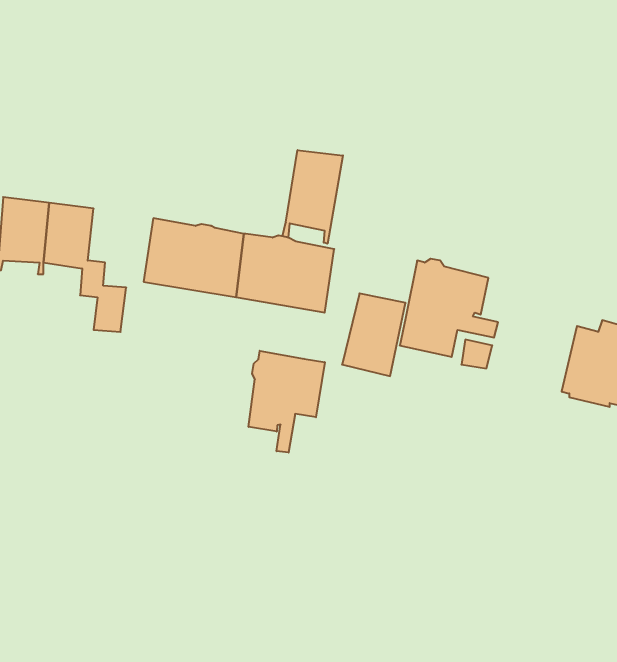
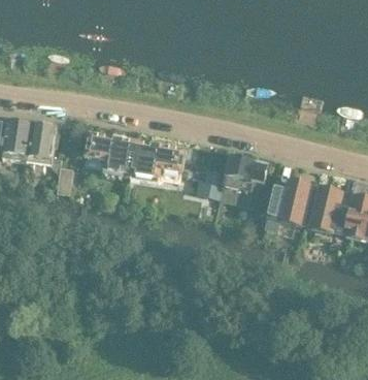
building: [283,150,343,244] -> none
building: none -> [266,178,313,225]
building: [249,351,325,453] -> none

